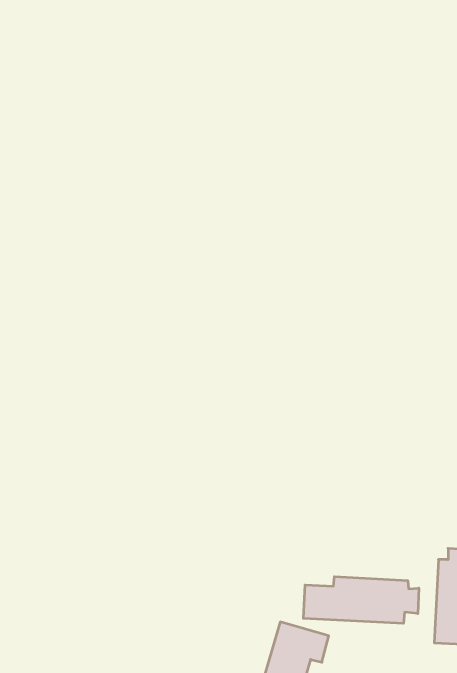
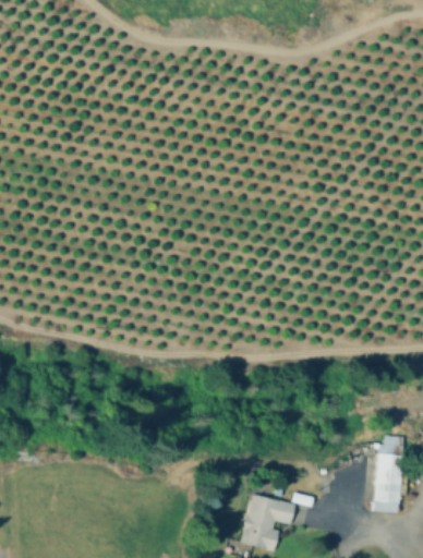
building: [303,577,419,623] -> none

